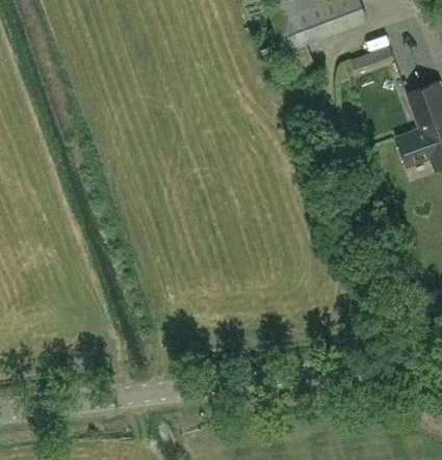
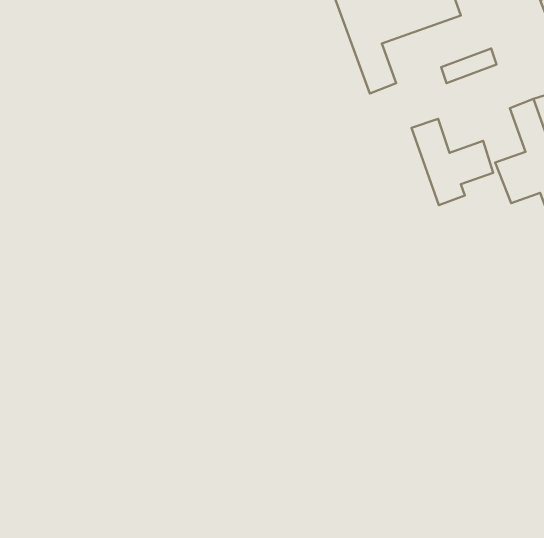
building: none -> [411,119,493,205]

